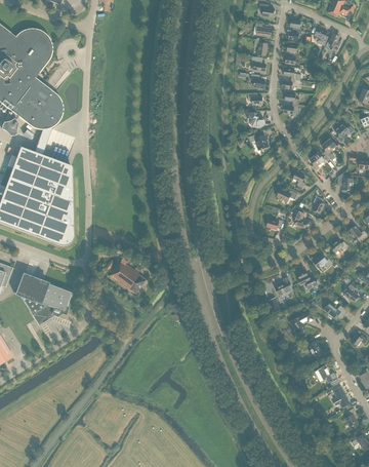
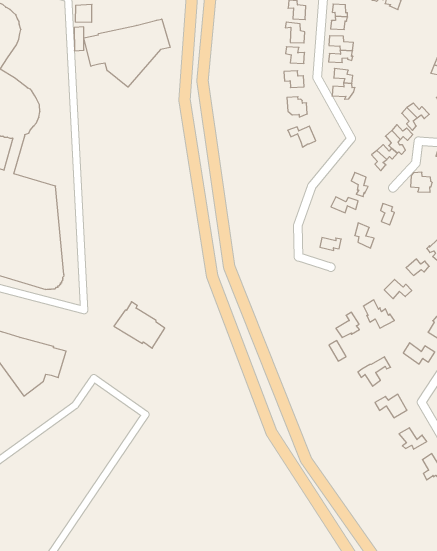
building: none -> [84,19,170,87]

